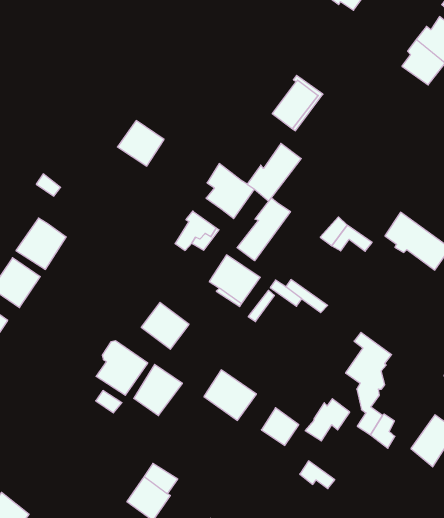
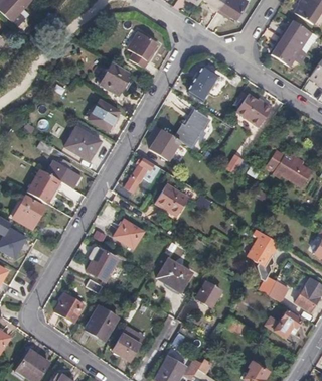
building: none -> [129,32,157,69]
building: none -> [100,61,129,95]
building: none -> [235,95,272,127]
building: none -> [65,127,101,160]
building: [237,198,290,261] -> none
building: none -> [46,160,81,188]
building: [134,364,182,416] -> [86,306,117,340]
building: [305,399,350,441] -> [273,308,301,337]
building: none -> [55,294,84,323]

